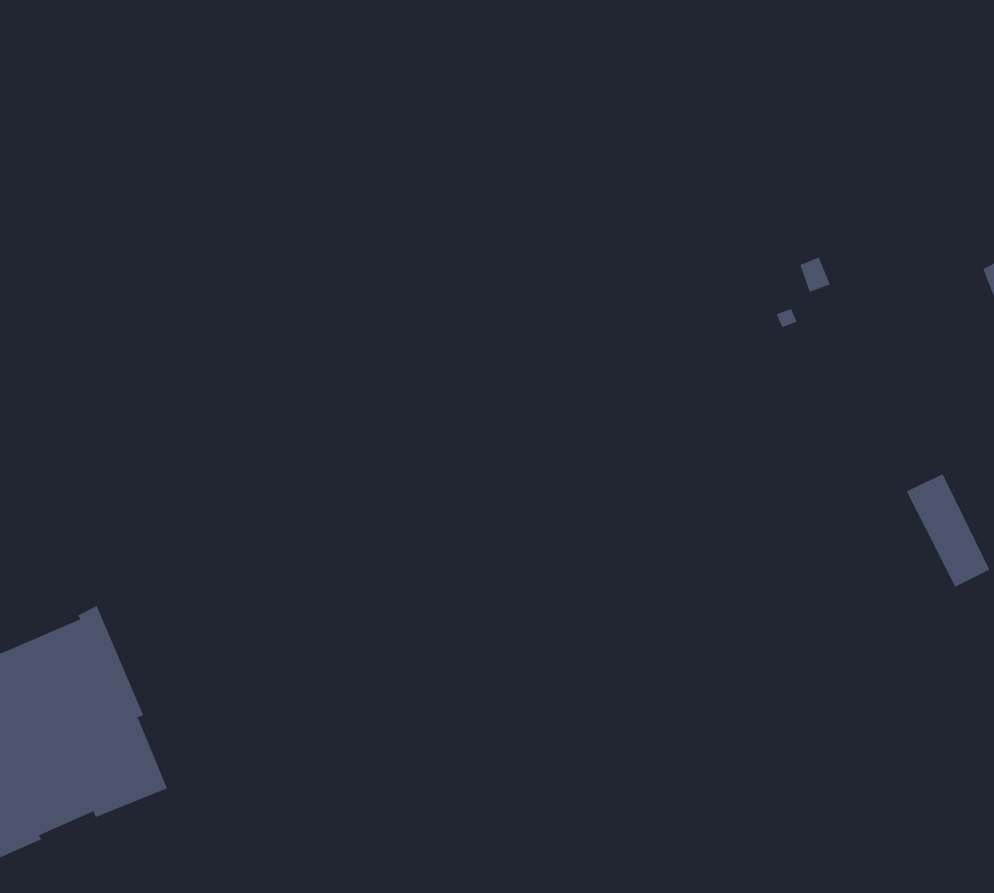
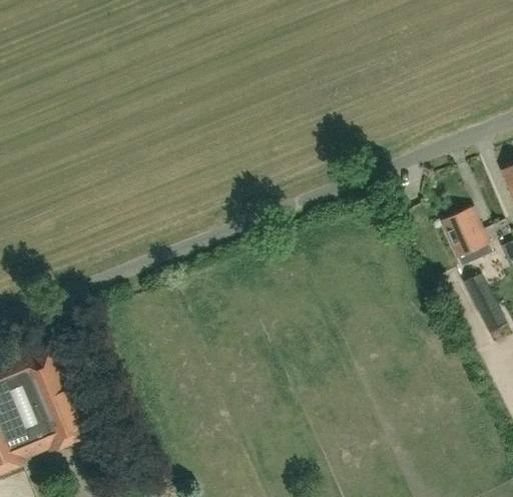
building: none -> [441,207,493,269]

